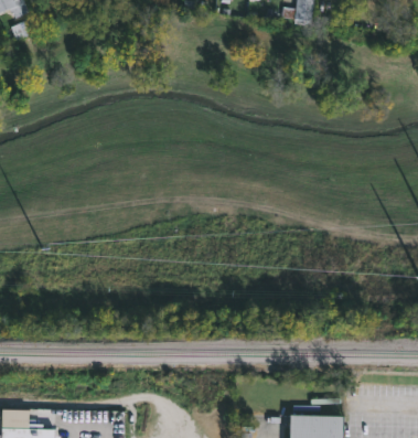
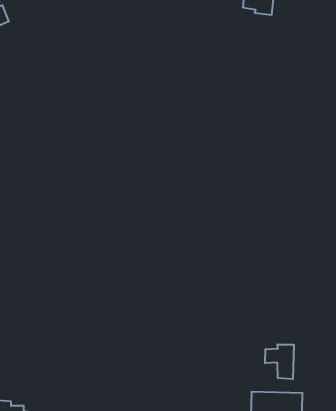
building: none -> [265,344,294,379]

